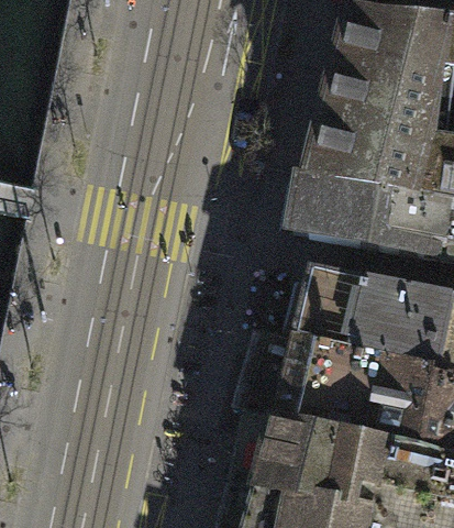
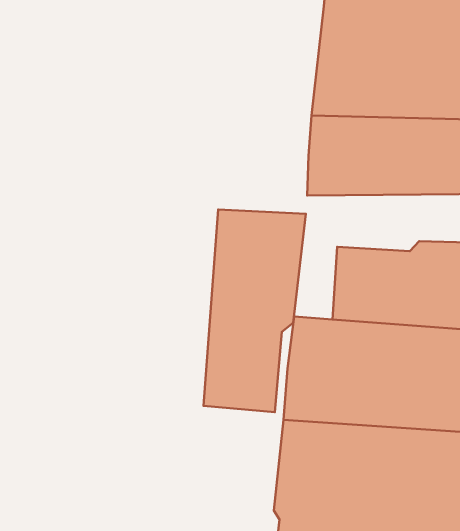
building: none -> [203,210,306,412]

